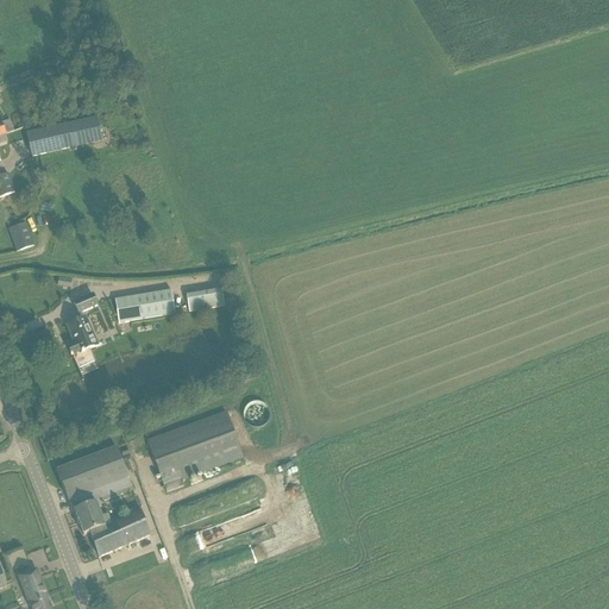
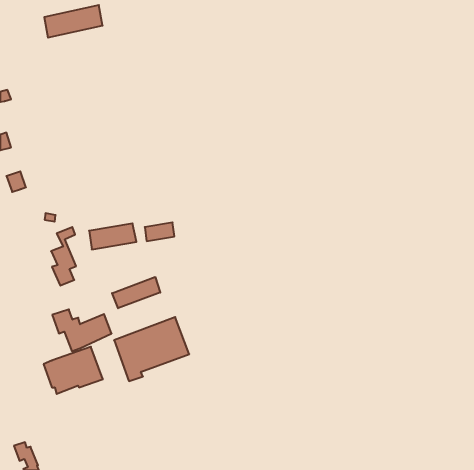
building: [26,113,101,155] -> [44,5,103,38]
building: none -> [112,277,160,308]
building: [74,501,150,554] -> [52,309,112,351]

